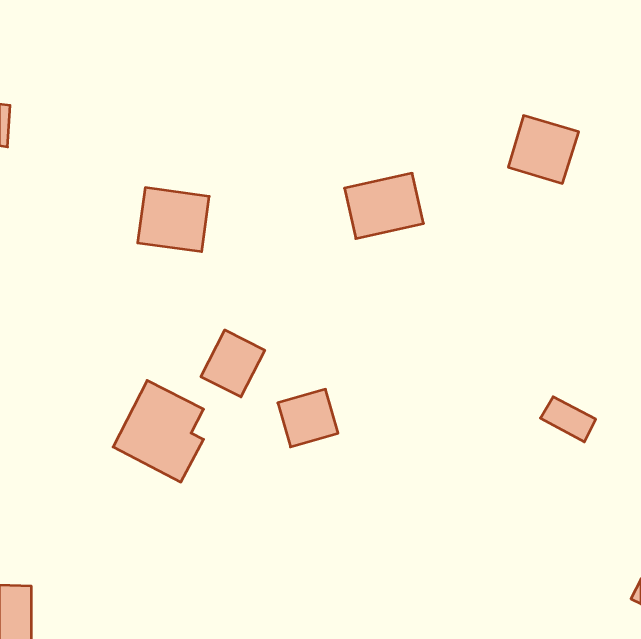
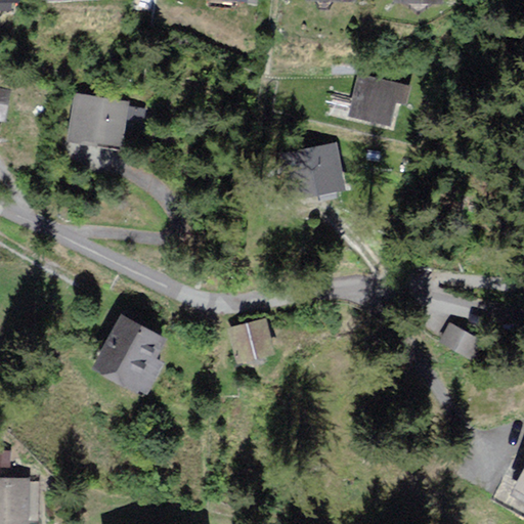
building: [508,116,579,183] -> [348,73,405,128]
building: [138,188,209,252] -> [70,96,128,148]
building: [201,330,265,397] -> none

